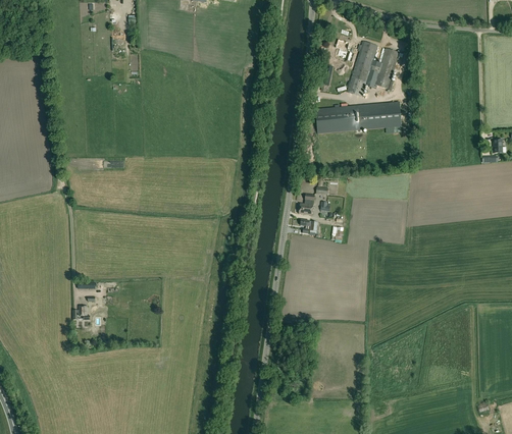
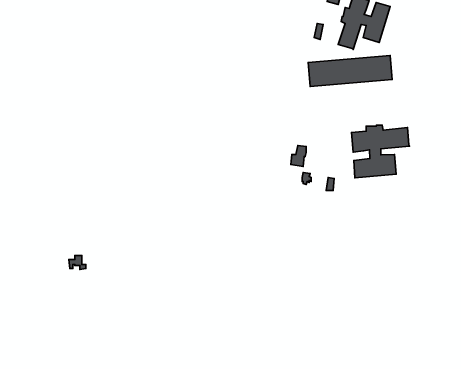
building: none -> [351,125,410,178]

